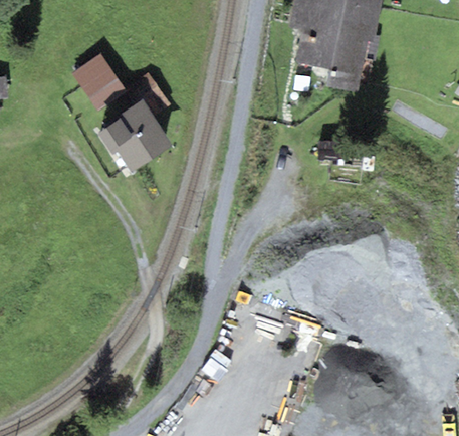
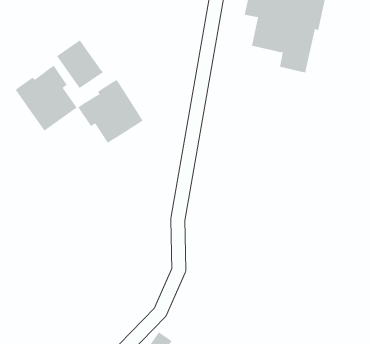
building: [125,72,170,116] -> none
building: none -> [15,65,78,131]

